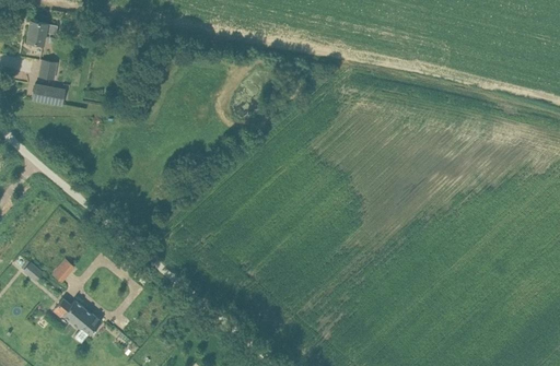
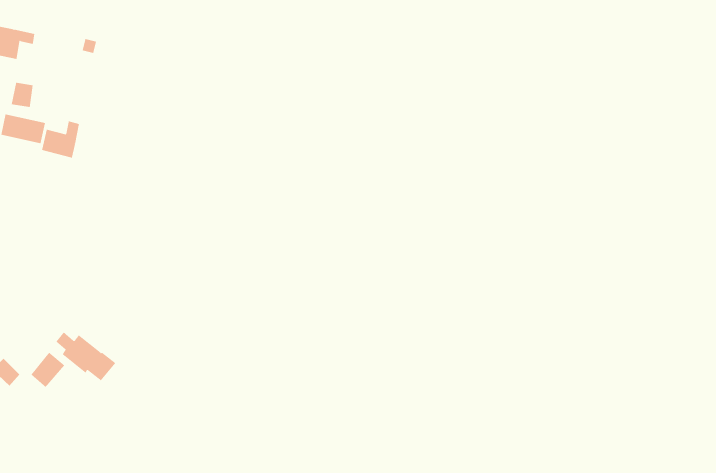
building: none -> [42,121,80,159]
building: [55,299,101,335] -> [53,331,116,381]

